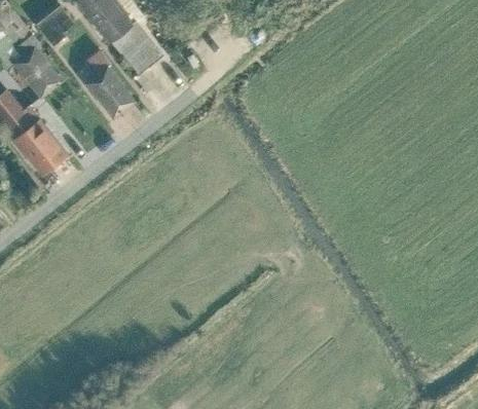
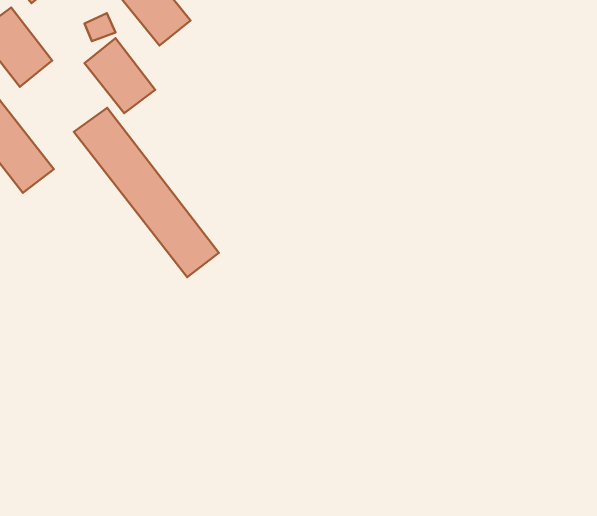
building: none -> [74,108,219,277]

